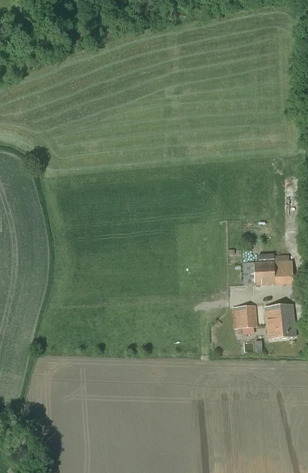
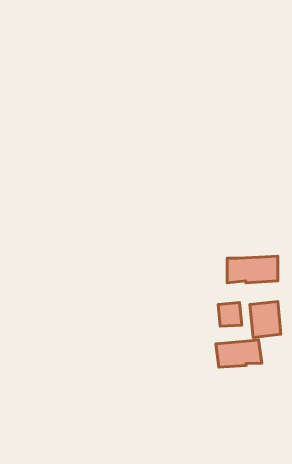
building: none -> [216,340,262,367]

